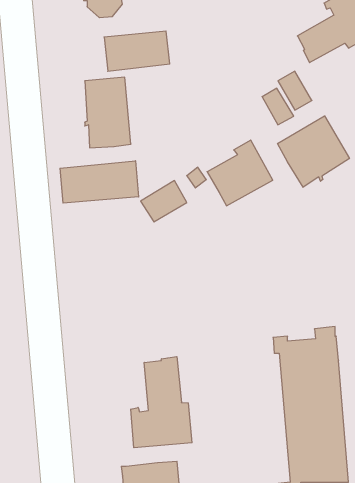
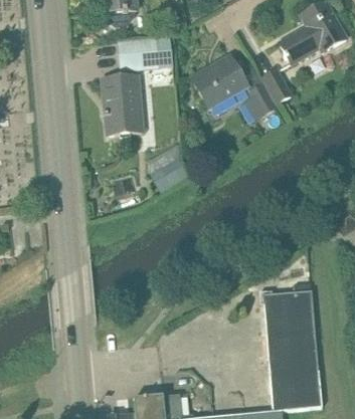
building: [278,116,349,187] -> none
building: [207,140,273,206] -> [194,53,248,108]
building: [60,161,139,203] -> none
building: [131,357,192,448] -> none

